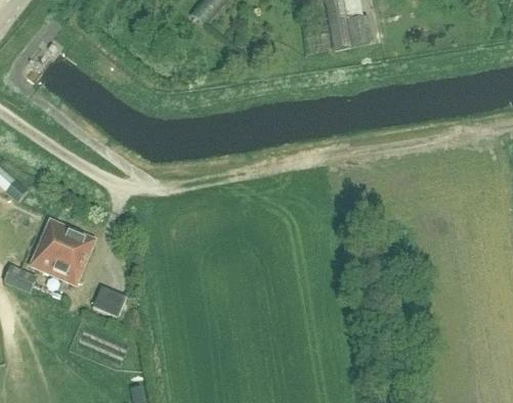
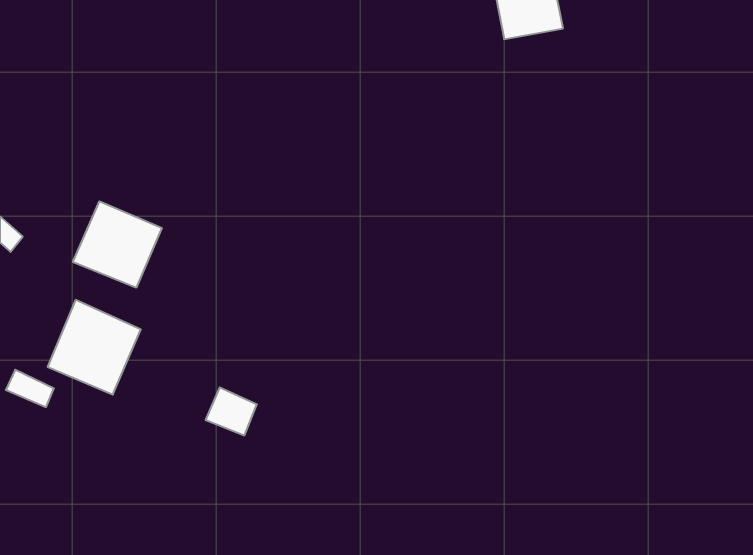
building: none -> [73,201,162,288]
building: [92,285,126,317] -> [206,387,257,435]

